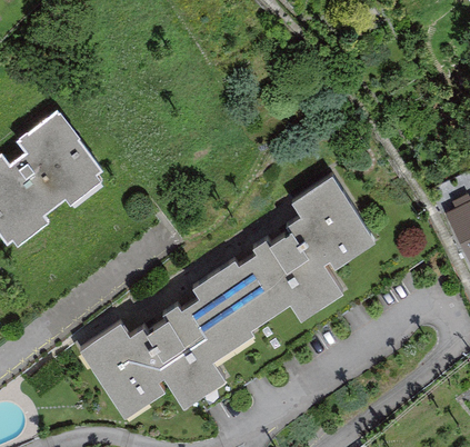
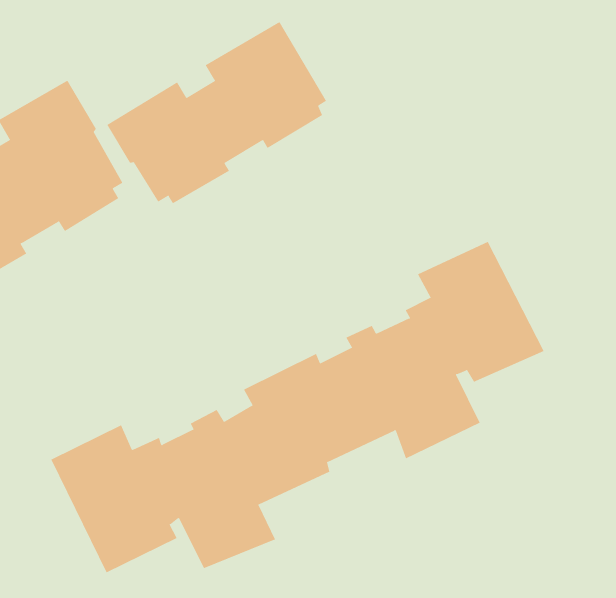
building: none -> [106,21,327,204]

